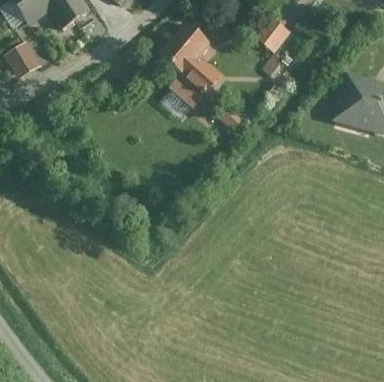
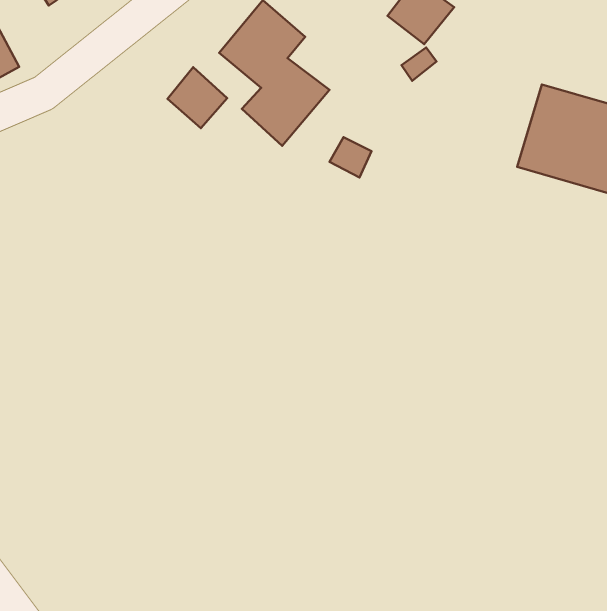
building: none -> [167,67,227,128]

